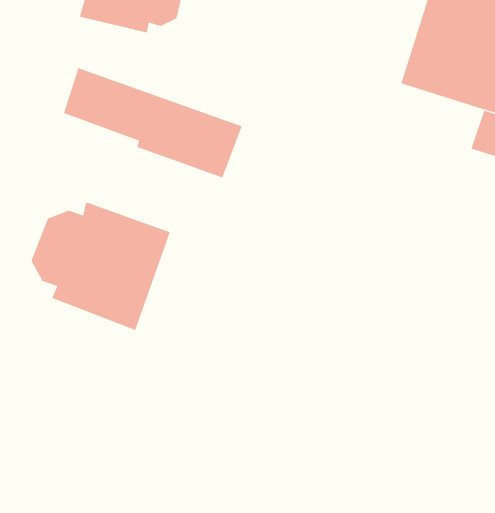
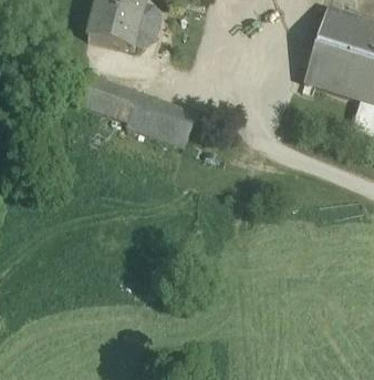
building: [31,202,171,331] -> none

